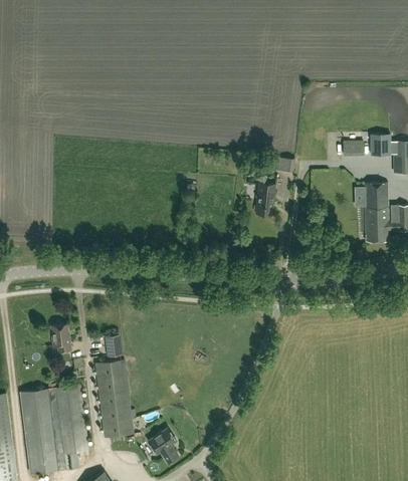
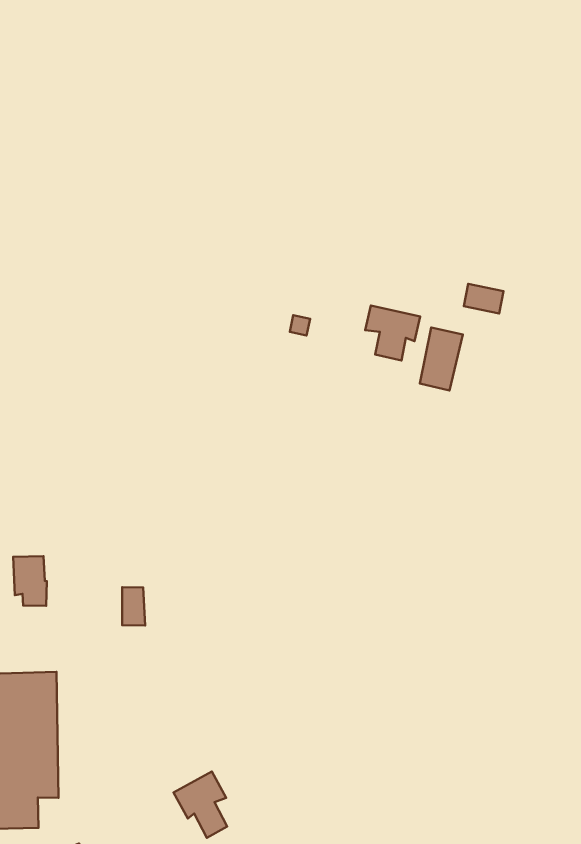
building: none -> [365,306,420,361]
building: [95,360,133,438] -> none

